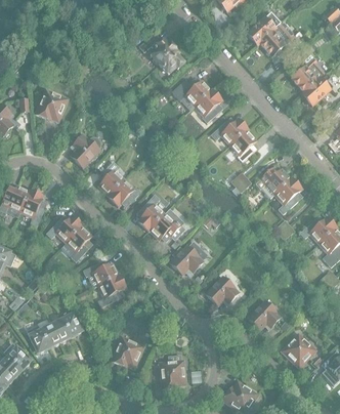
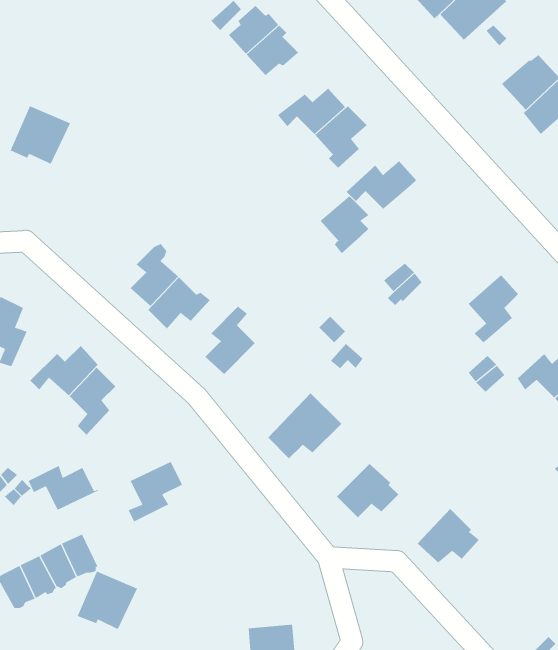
building: [230,130,256,161] -> [320,195,369,254]
building: [71,134,99,166] -> none
building: [255,167,292,197] -> none
building: [147,207,184,240] -> none
building: [83,261,120,285] -> [28,465,98,510]
building: [282,333,314,366] -> none
building: [112,336,143,367] -> [77,571,138,630]

